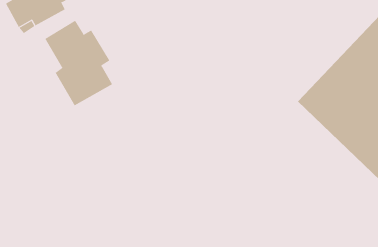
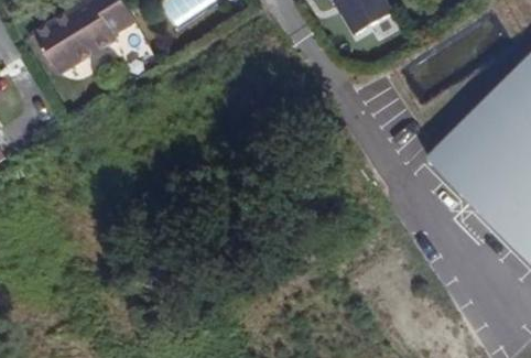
building: [45,20,113,106] -> none

